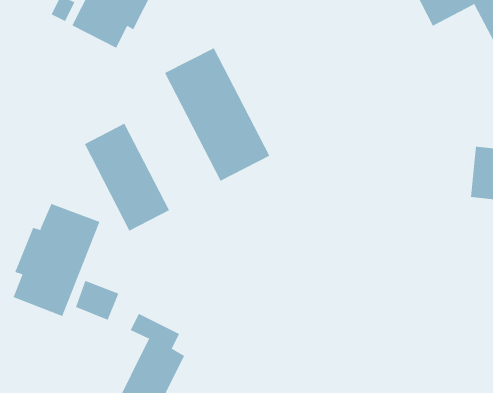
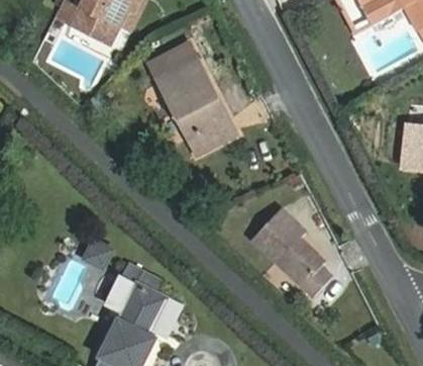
building: [84,123,170,231] -> none
building: [13,203,100,317] -> none
building: none -> [252,209,331,295]

